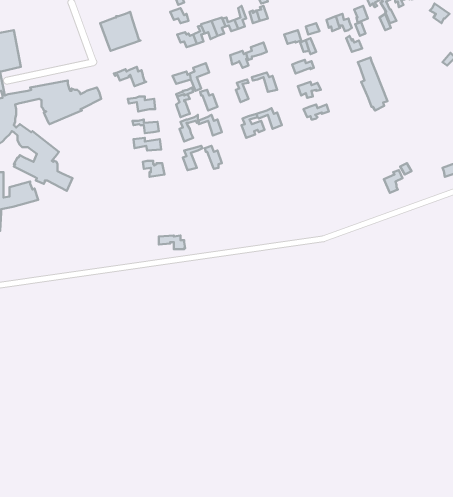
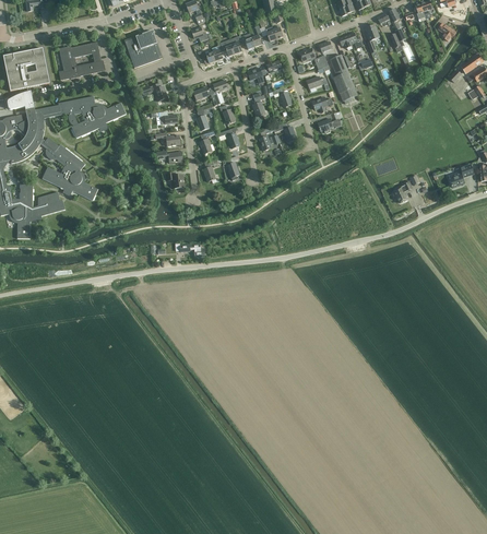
building: none -> [58,41,104,81]
building: [358,58,388,110] -> [329,55,357,105]

